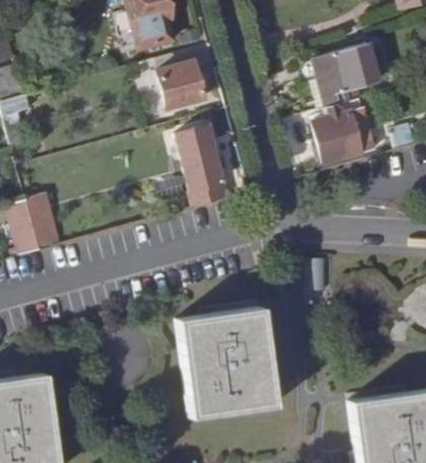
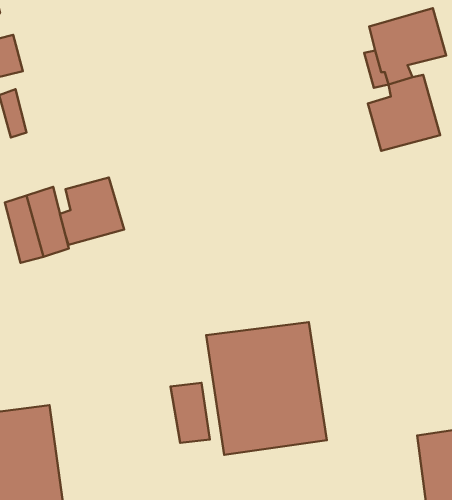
building: [158,63,205,111] -> none
building: [174,125,228,208] -> none
building: none -> [60,177,124,245]
building: none -> [170,383,210,443]

